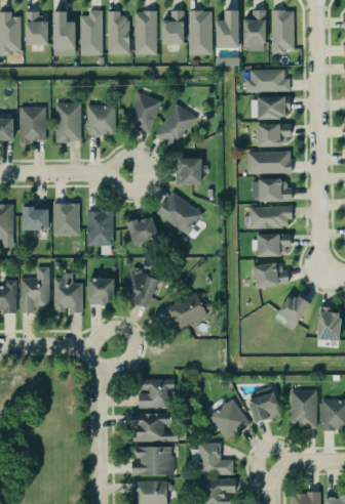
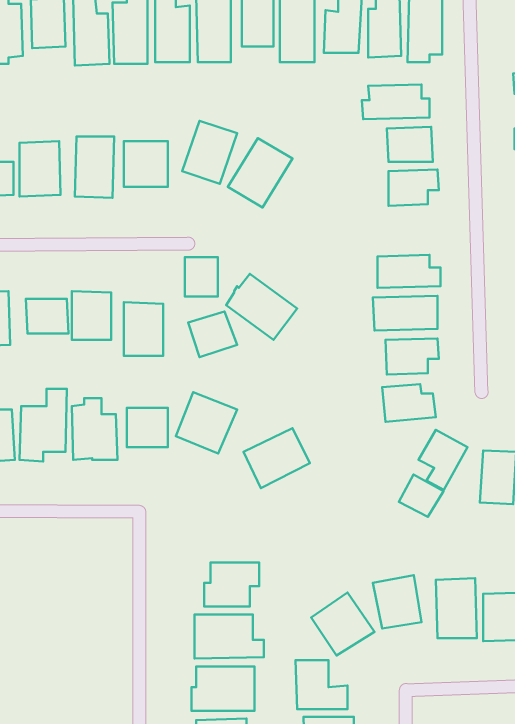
building: [246,151,291,174] -> none
building: [181,159,202,184] -> [185,257,218,297]
building: none -> [399,474,444,517]

